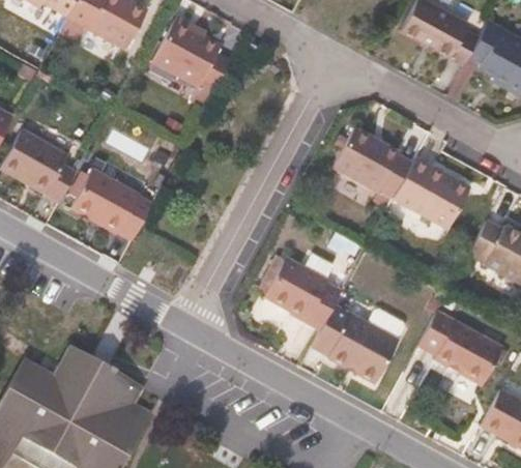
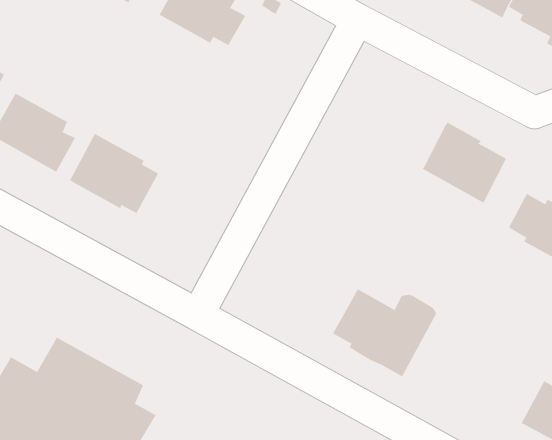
building: [331,126,411,195] -> none
building: [256,257,339,331] -> none
building: [416,310,500,384] -> none

